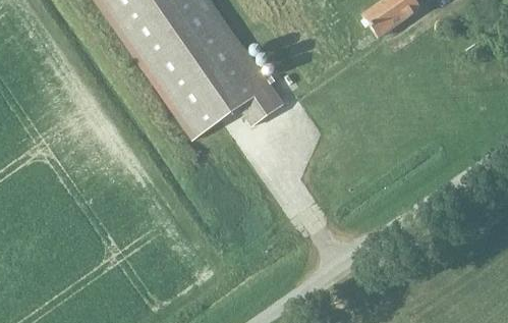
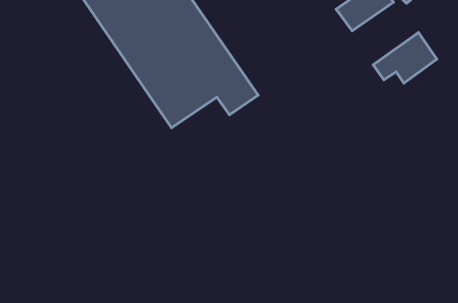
building: none -> [373,33,437,83]

